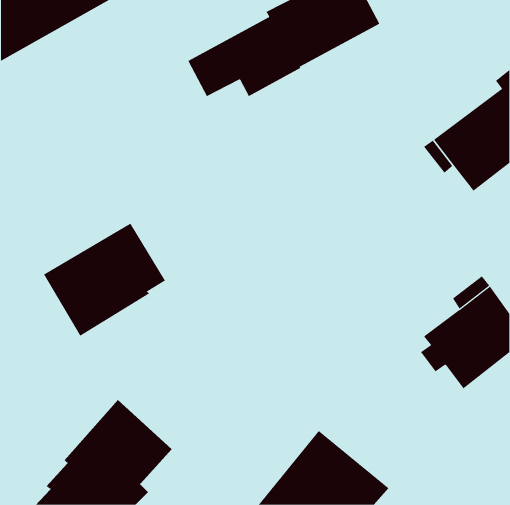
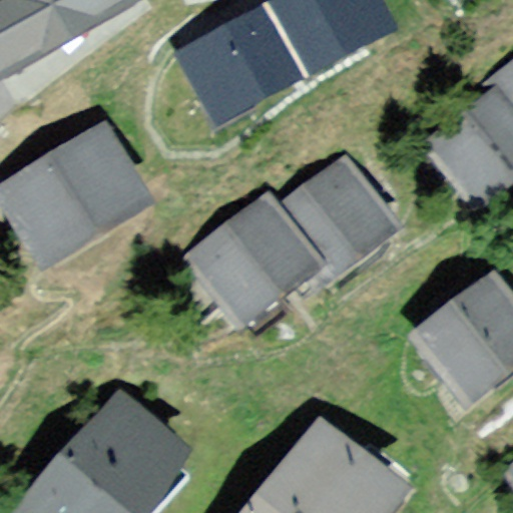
building: none -> [198,169,383,311]
building: [43,223,166,336] -> [9,137,132,251]

